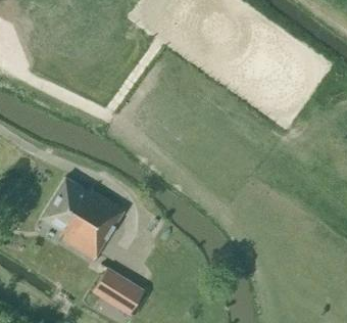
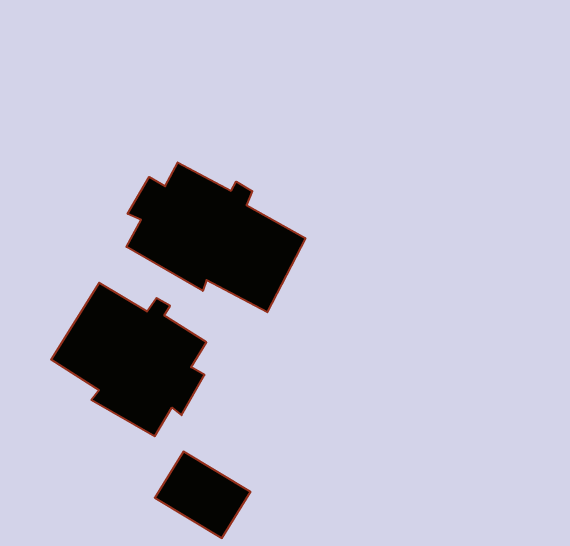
building: none -> [126,162,305,312]

